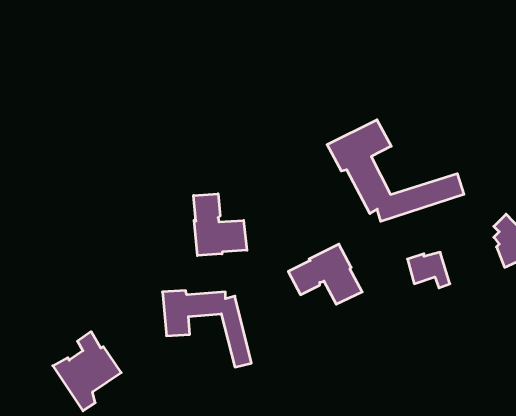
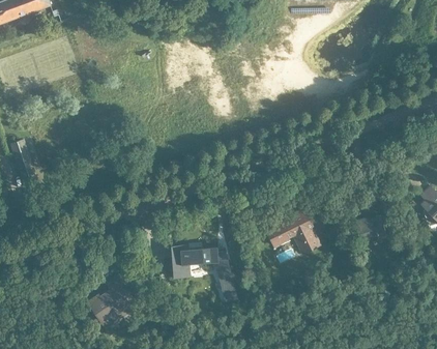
building: [327,120,464,221] -> none
building: [194,194,247,256] -> none

